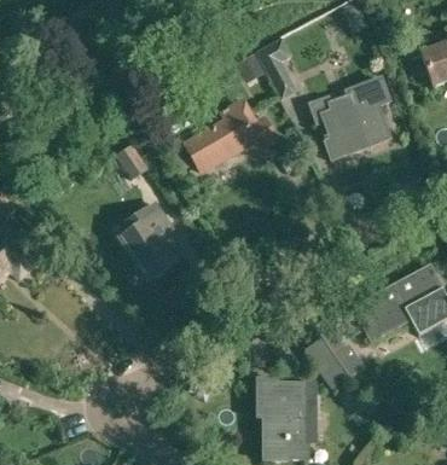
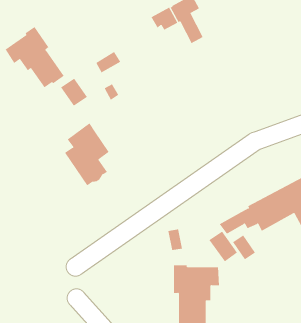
building: [310,75,393,159] -> none
building: none -> [5,26,65,88]
building: [185,98,278,170] -> none

